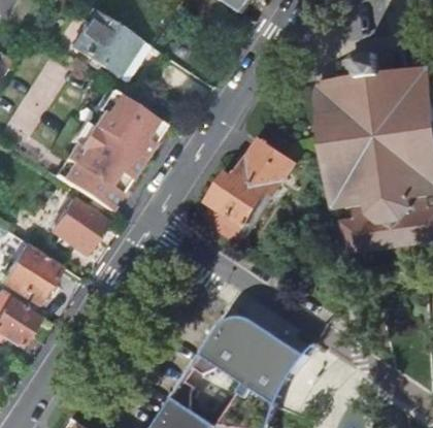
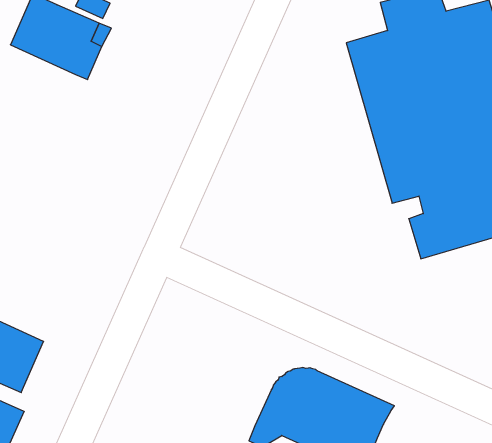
building: [58,94,153,203] -> none
building: [203,139,294,249] -> none
building: [47,197,102,251] -> none

